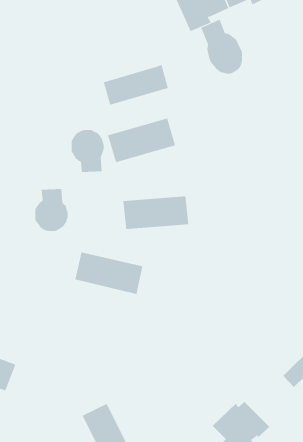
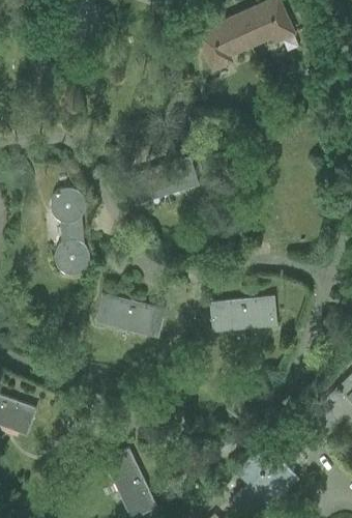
building: [200,19,243,74] -> none
building: [103,64,169,105] -> none
building: [71,129,105,172] -> [51,188,85,231]
building: [123,196,189,230] -> [209,296,276,330]

